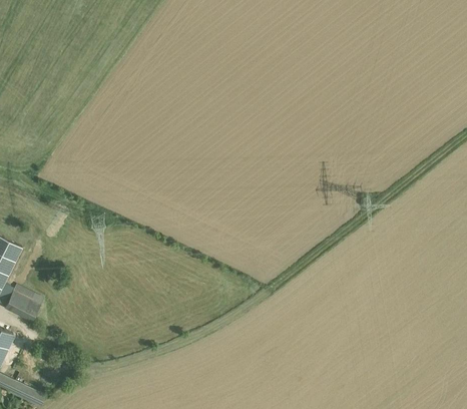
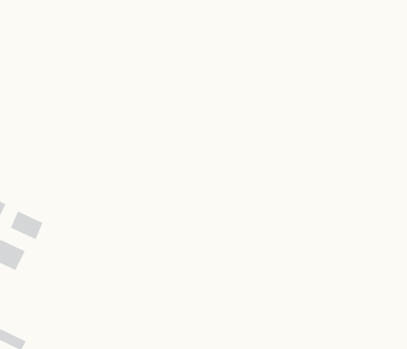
building: none -> [10,210,44,240]

